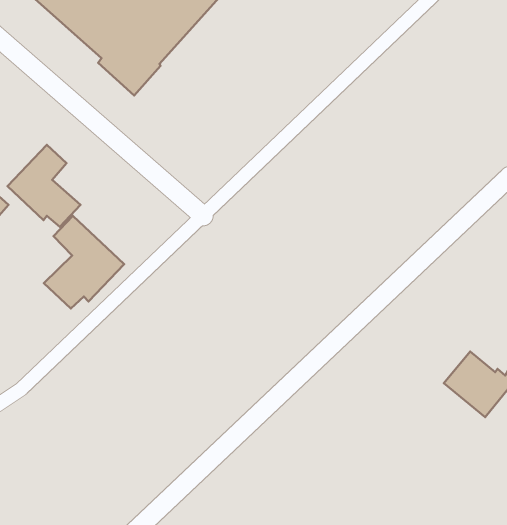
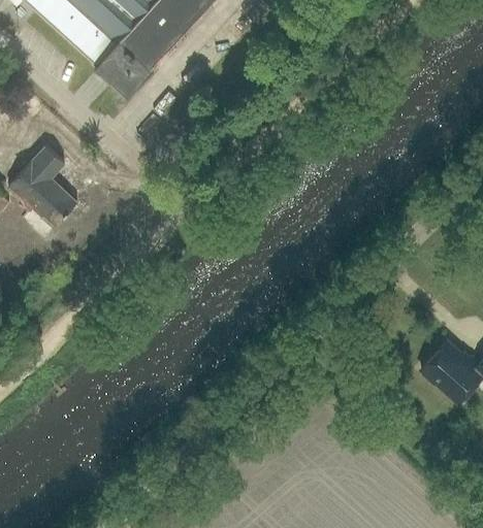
building: [44,216,124,309] -> none

